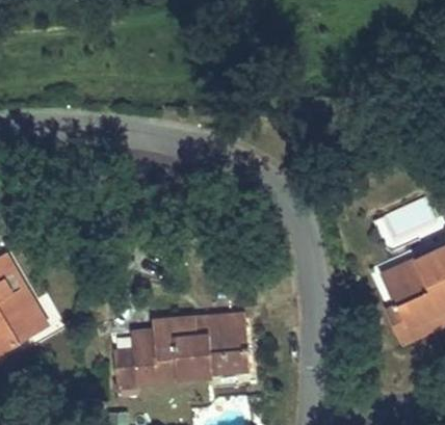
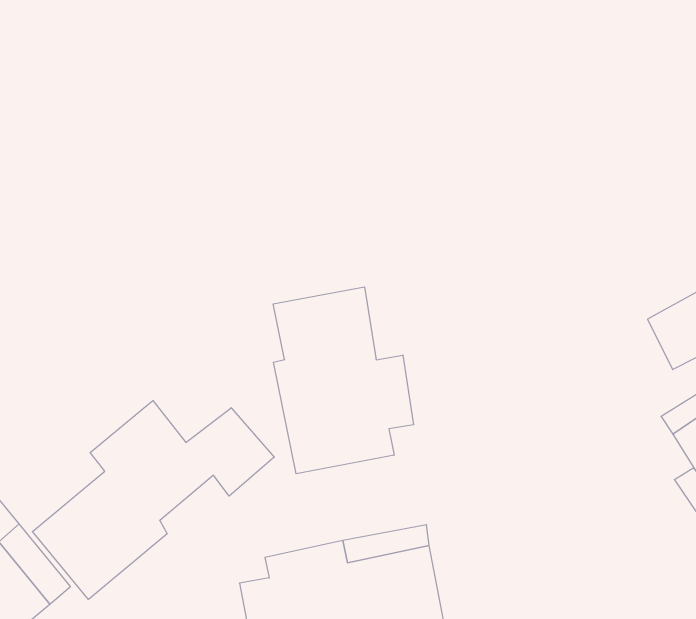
building: none -> [273,287,413,474]
building: none -> [32,401,274,599]

